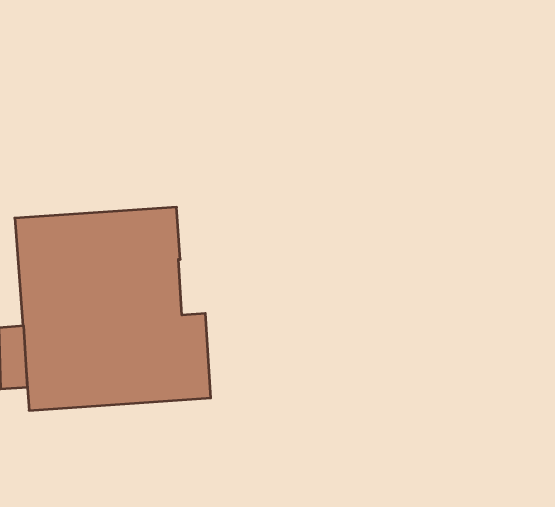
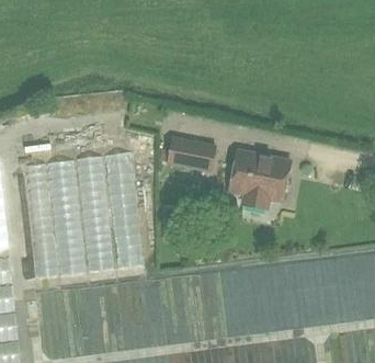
building: none -> [166,136,214,169]
building: none -> [227,149,288,207]

